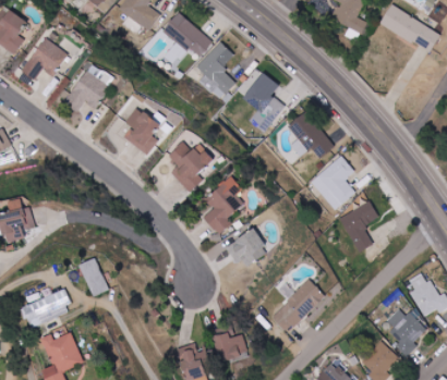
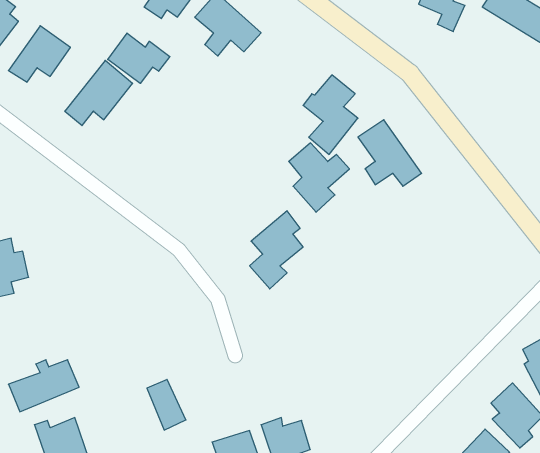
building: [195,41,235,100] -> none
building: none -> [108,33,170,83]
building: [123,108,159,154] -> none
building: [168,140,214,193] -> [289,143,349,212]
building: [316,155,355,211] -> none
building: [339,201,378,253] -> none
building: [224,228,268,265] -> none
building: [80,259,109,297] -> [147,379,186,430]
building: [270,280,325,333] -> none

